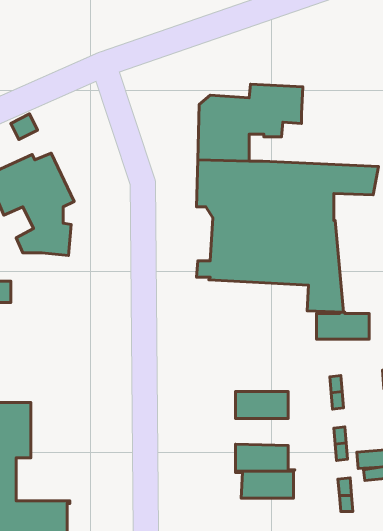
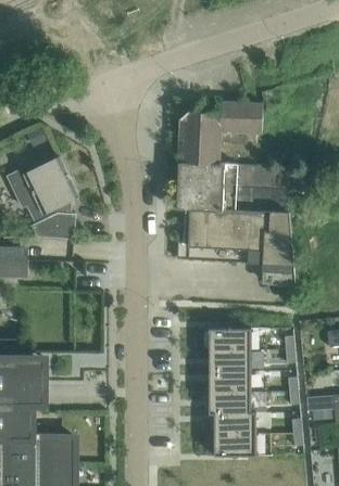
building: [317,312,369,339] -> [209,327,251,348]
building: none -> [209,370,251,392]
building: none -> [213,434,255,456]

